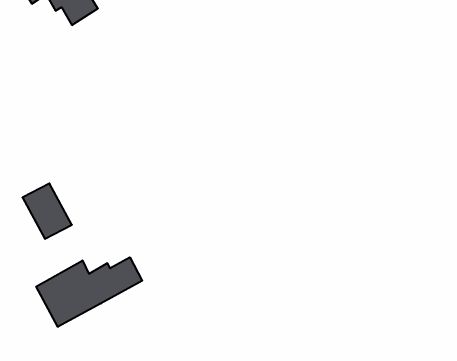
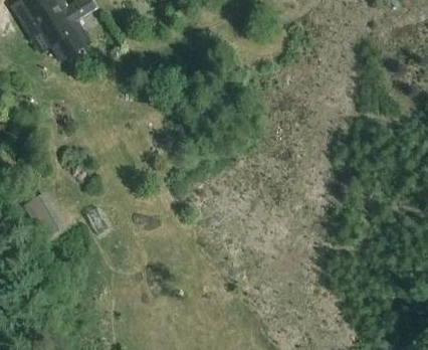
building: [36,257,142,327] -> none

